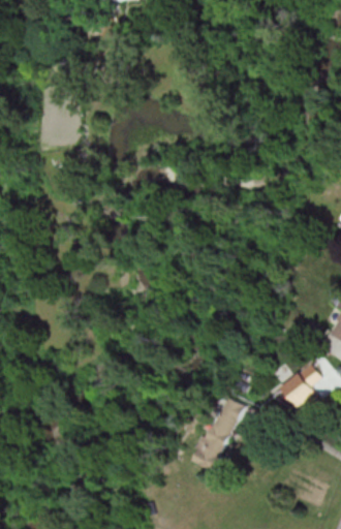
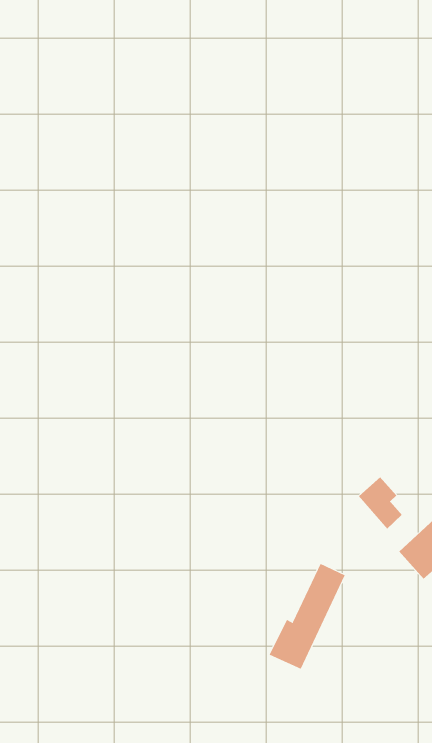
building: none -> [358,477,403,529]

